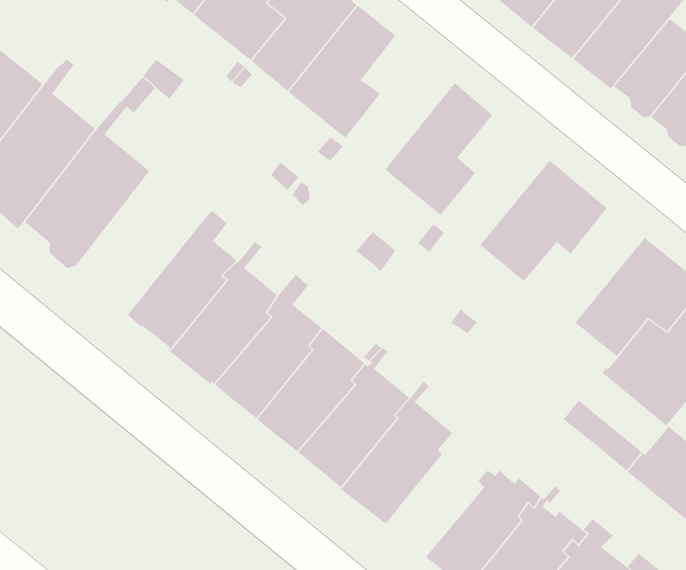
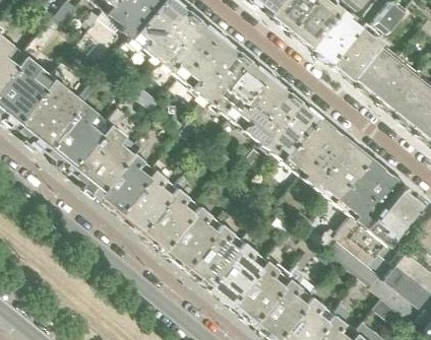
building: none -> [212,51,269,121]
building: none -> [262,92,319,160]
building: none -> [71,108,139,197]
building: none -> [306,141,369,201]
building: none -> [234,256,294,324]

